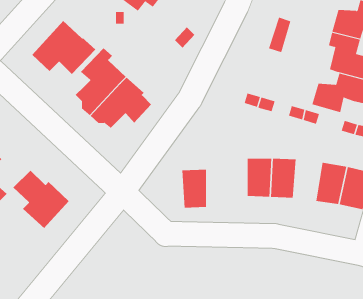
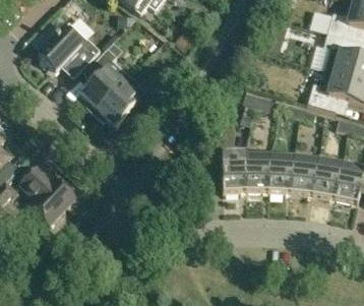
building: none -> [291,155,318,195]
building: [182,169,207,208] -> [222,154,246,191]

